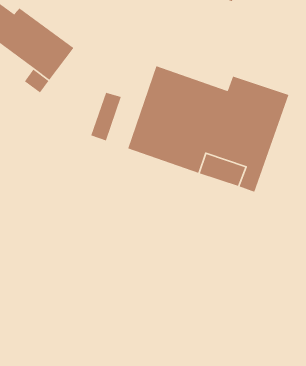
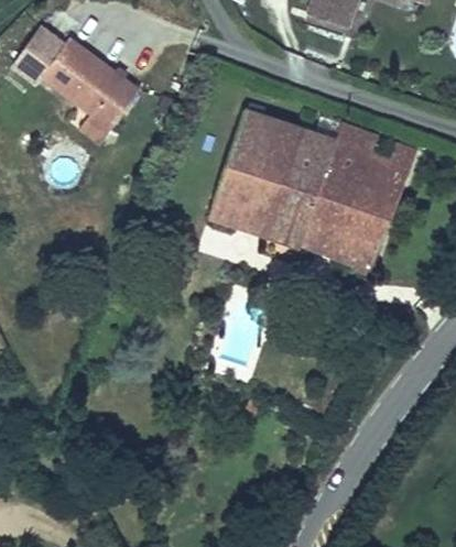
building: [90,92,122,141] -> none

